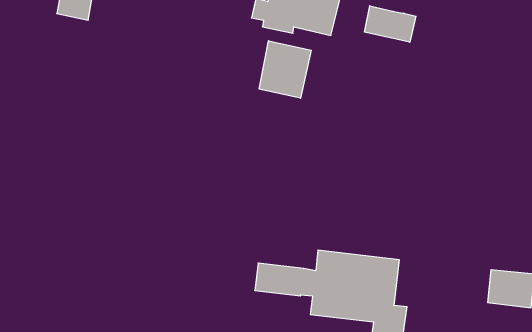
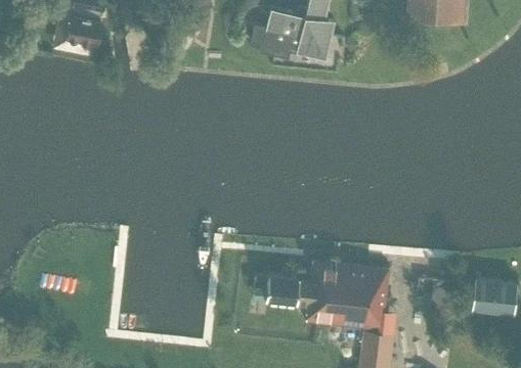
building: [365,6,416,42] -> none
building: [259,41,311,98] -> none

